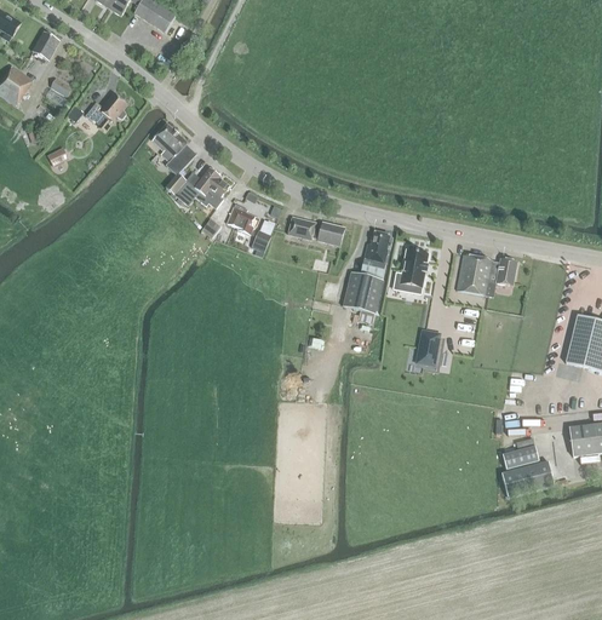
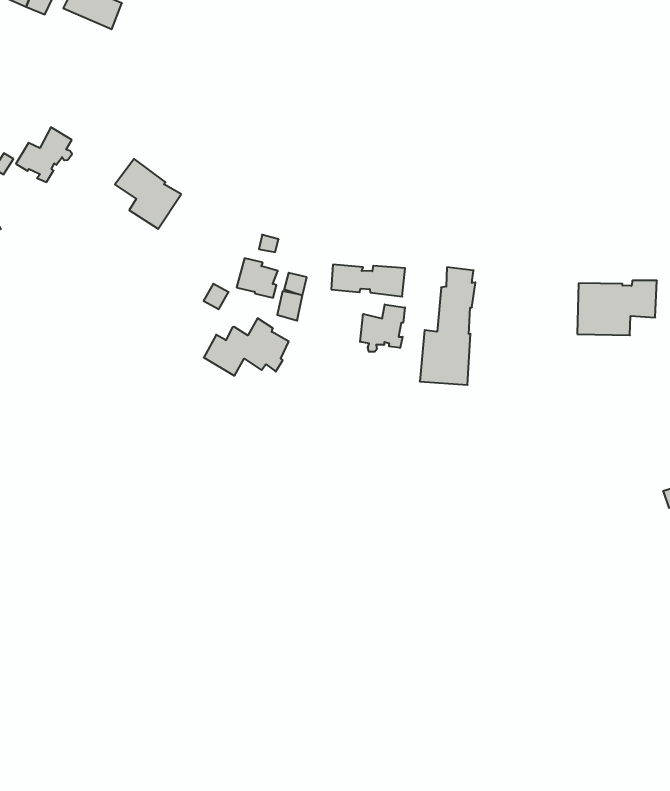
building: [168,167,229,206] -> [204,318,289,376]
building: [400,249,428,287] -> none
building: none -> [360,304,405,352]
building: [418,332,440,366] -> none

